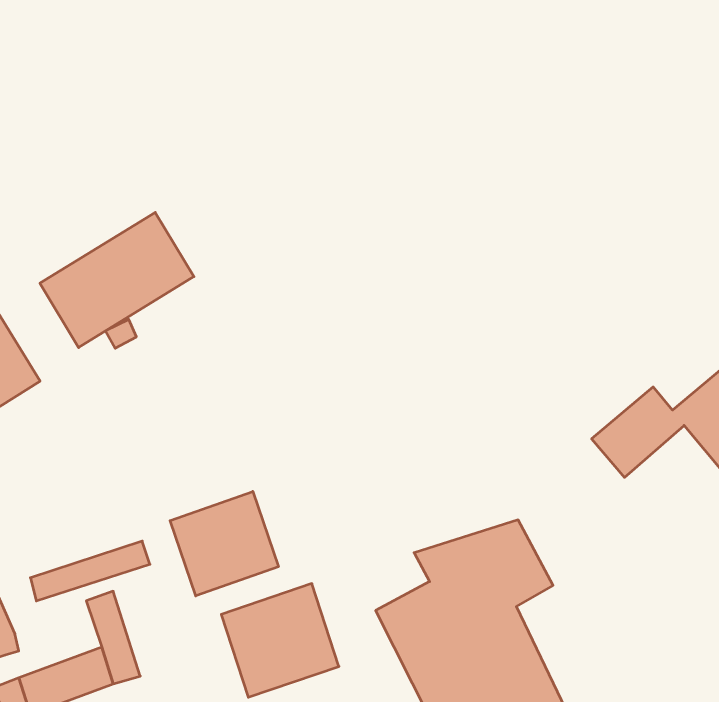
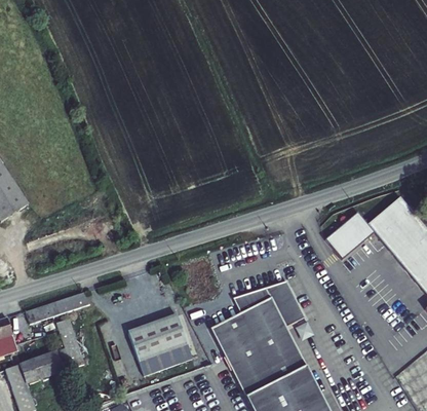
building: [40,212,194,348] -> none
building: [170,491,278,596] -> none

